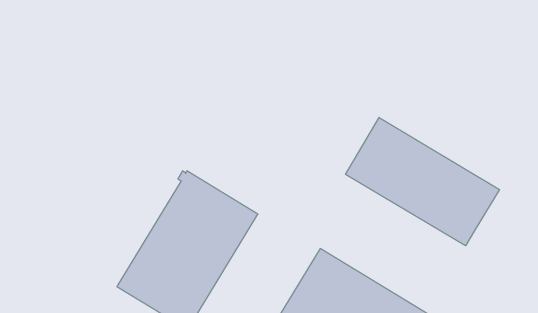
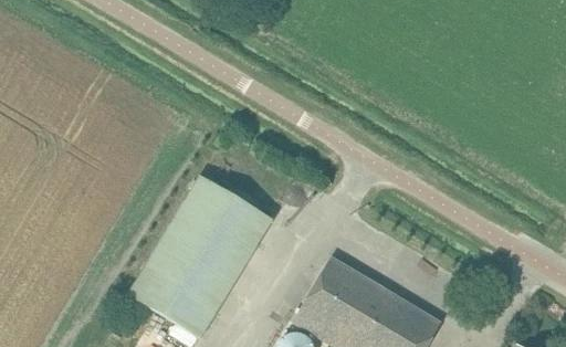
building: [346,117,500,246] -> none

